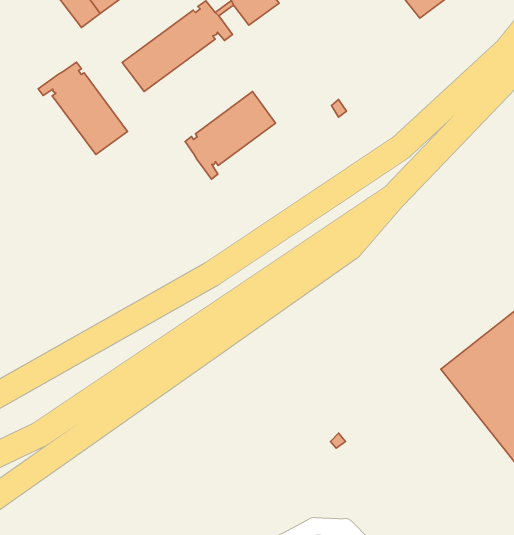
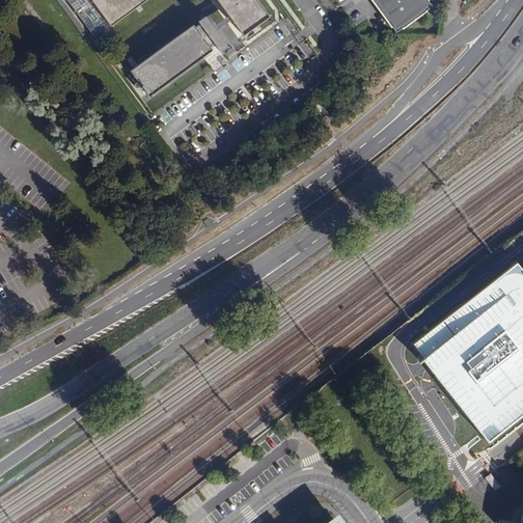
building: [38,62,128,155] -> none
building: [185,91,276,179] -> none

